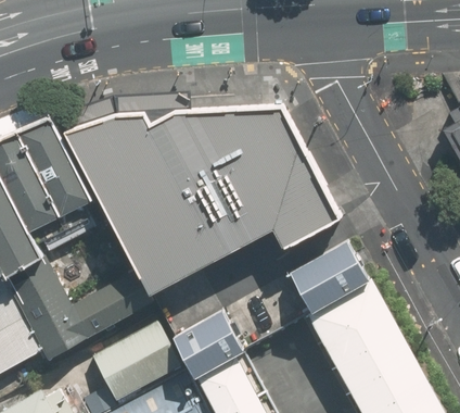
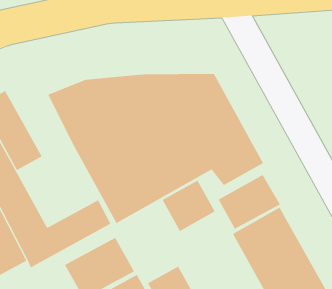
building: [17,135,102,216] -> none
building: [173,309,242,376] -> [162,180,215,232]

